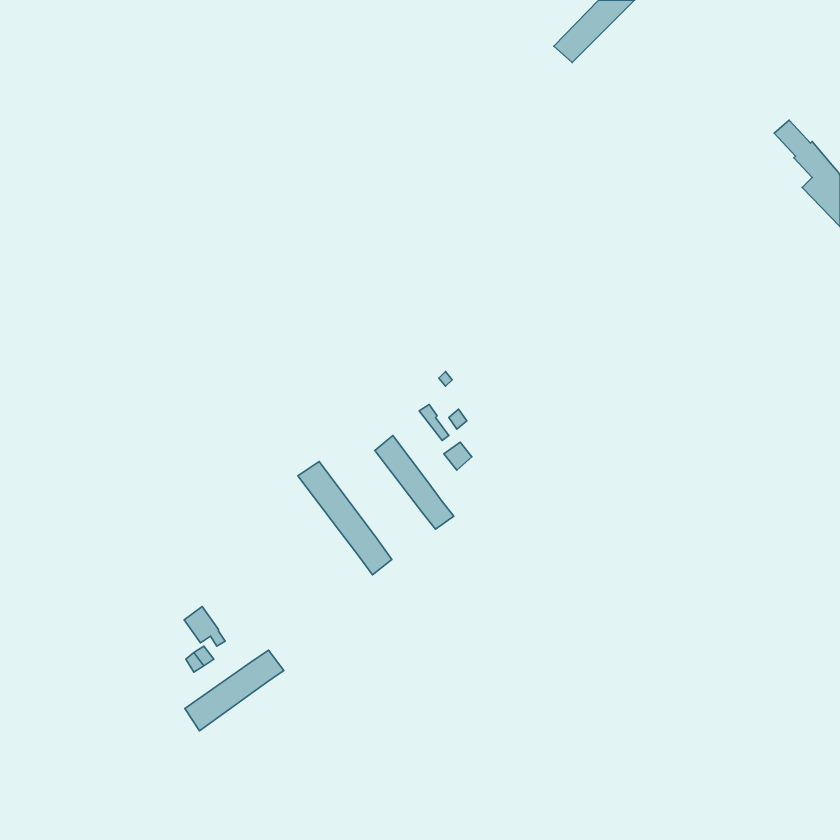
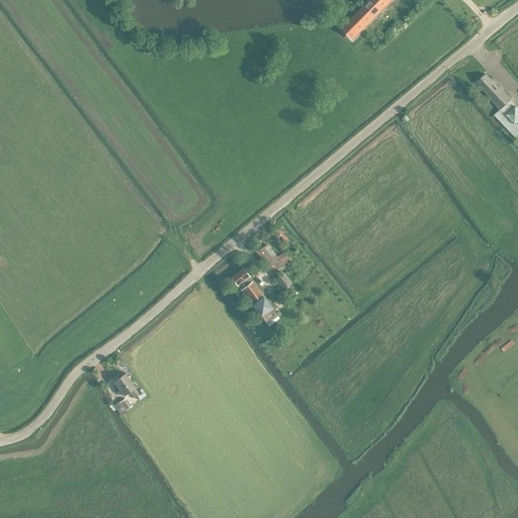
building: [298,461,392,575] -> none
building: [185,650,284,731] -> none

